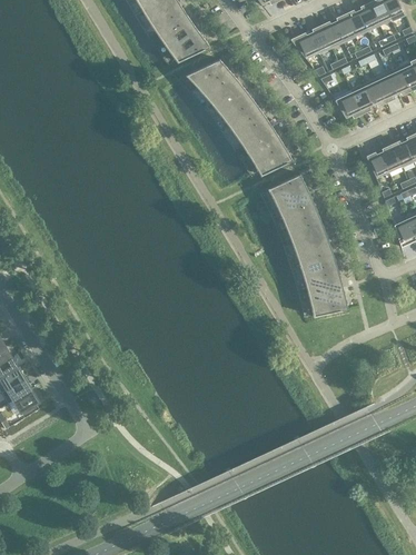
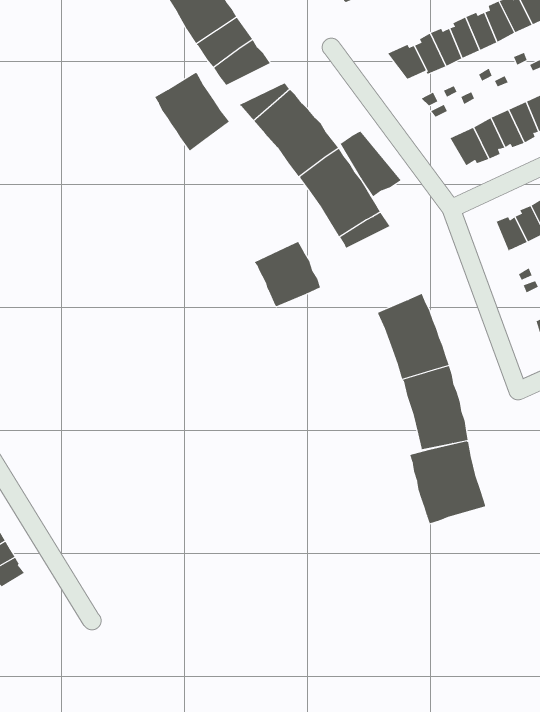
building: none -> [154,72,230,152]
building: none -> [340,131,402,197]
building: [267,174,314,219] -> [254,241,321,307]
building: none -> [409,441,486,524]

